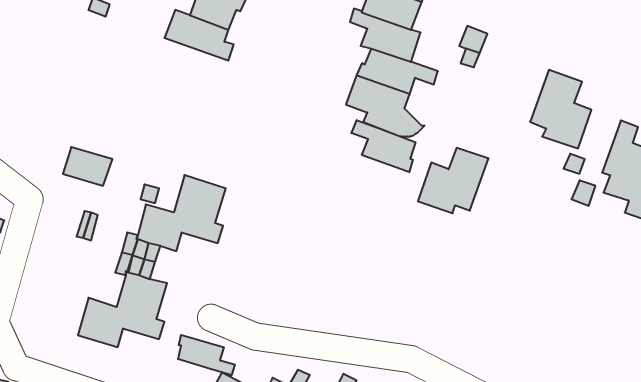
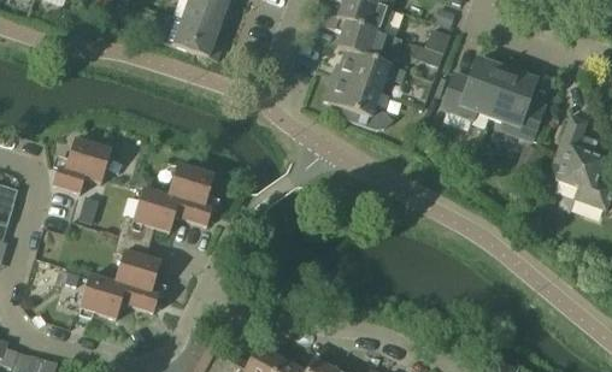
building: [351,120,415,172] -> none
building: [418,148,489,213] -> [441,59,505,118]
building: none -> [52,163,102,193]
building: [178,335,235,375] -> none

